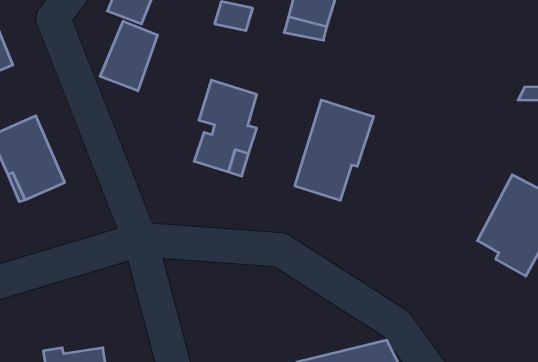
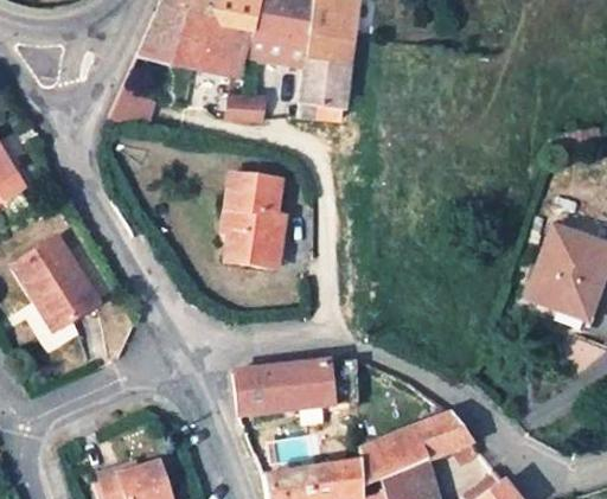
building: [100,21,158,91] -> none
building: [295,100,374,200] -> none
building: none -> [232,359,357,416]

